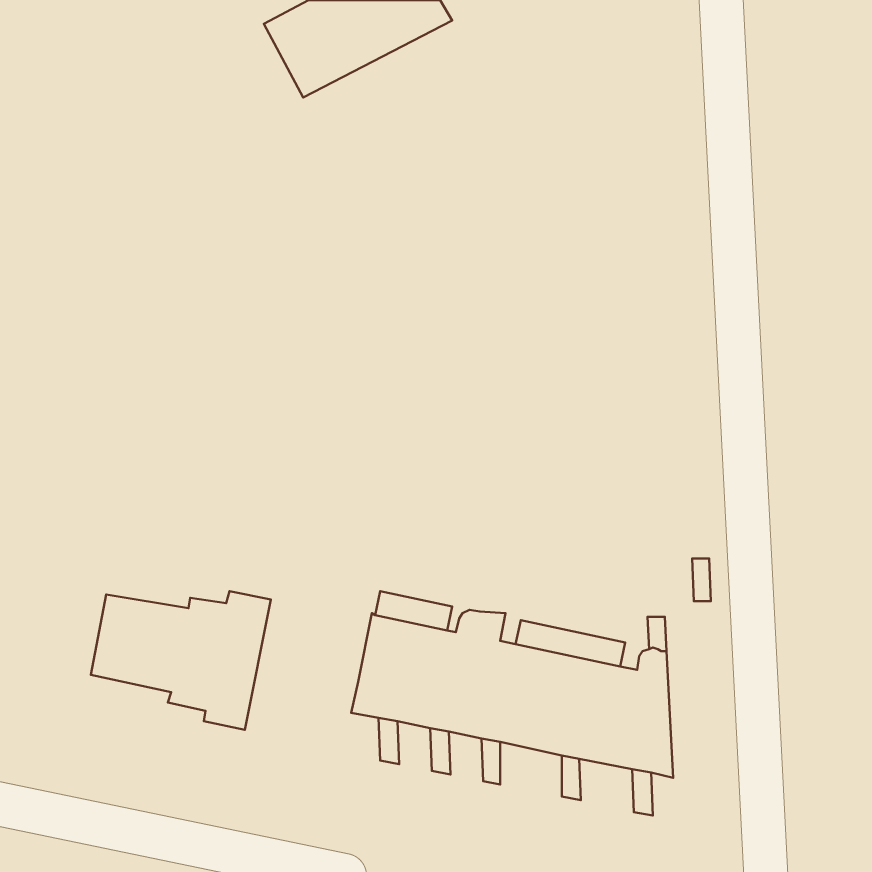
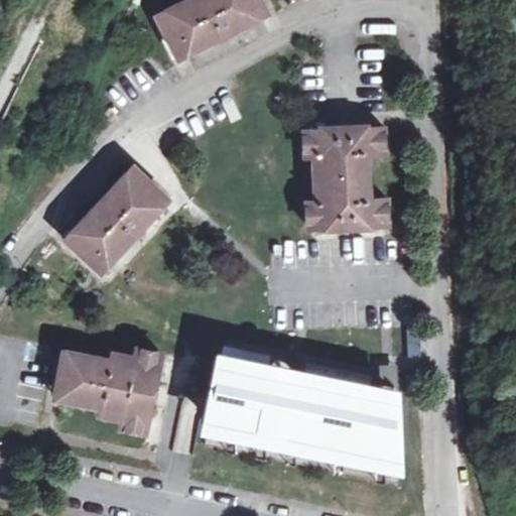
building: none -> [304,128,386,227]
building: none -> [64,166,167,273]

